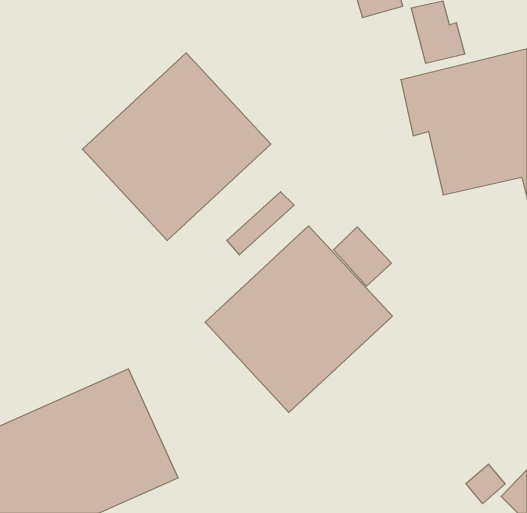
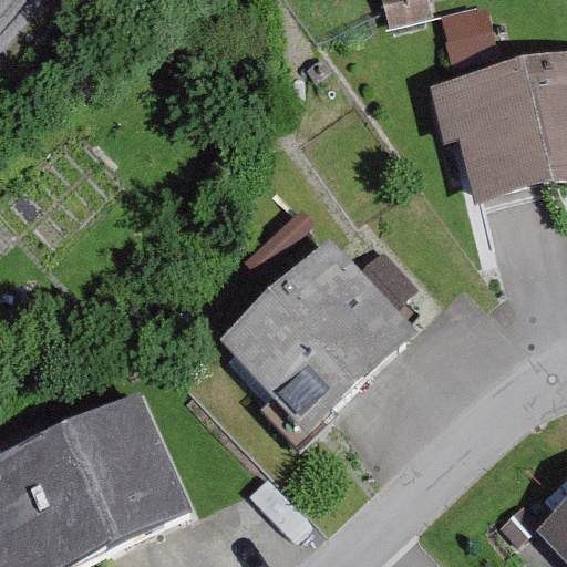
building: [82,53,271,241] -> none

